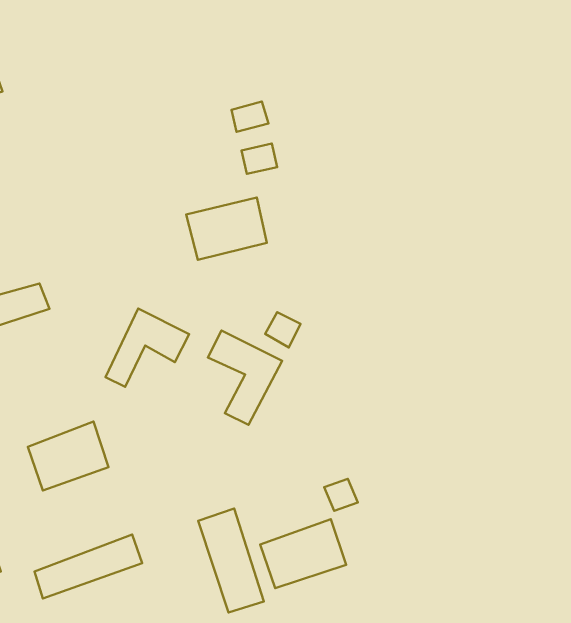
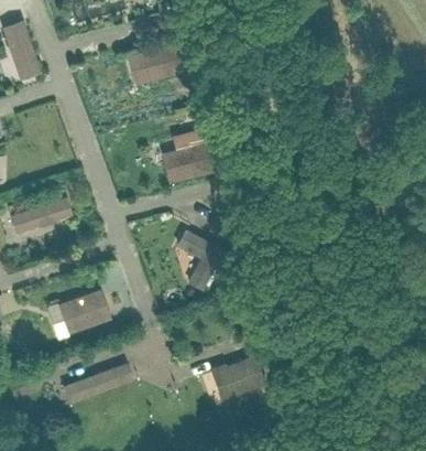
building: none -> [129,43,186,82]
building: [105,309,189,387] -> none
building: [198,509,264,612] -> none

